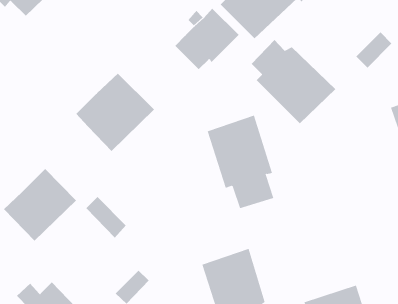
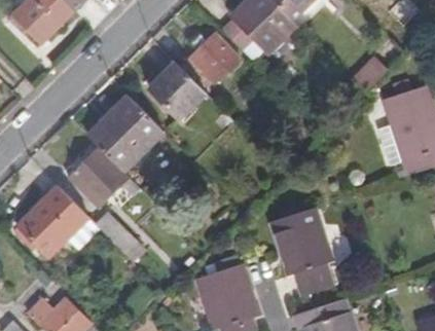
building: none -> [147,61,201,118]
building: [251,39,336,124] -> none
building: [207,115,274,209] -> [277,207,340,296]
building: none -> [64,148,136,209]

